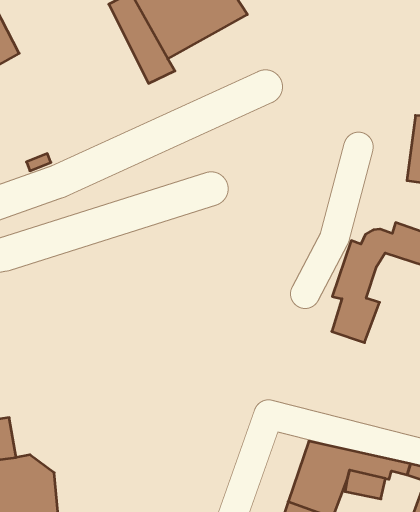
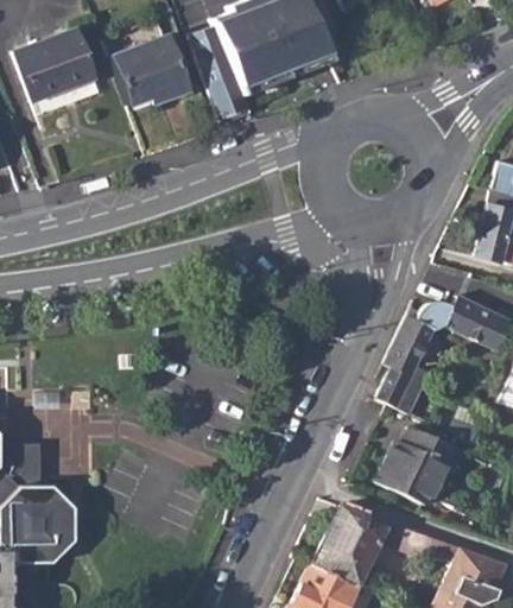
building: none -> [110,33,184,103]
building: none -> [379,428,456,505]

